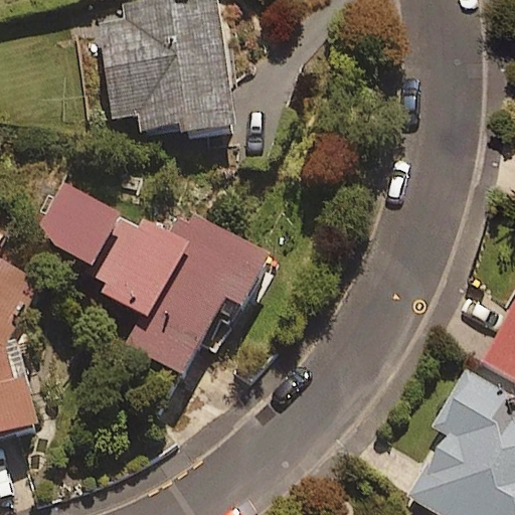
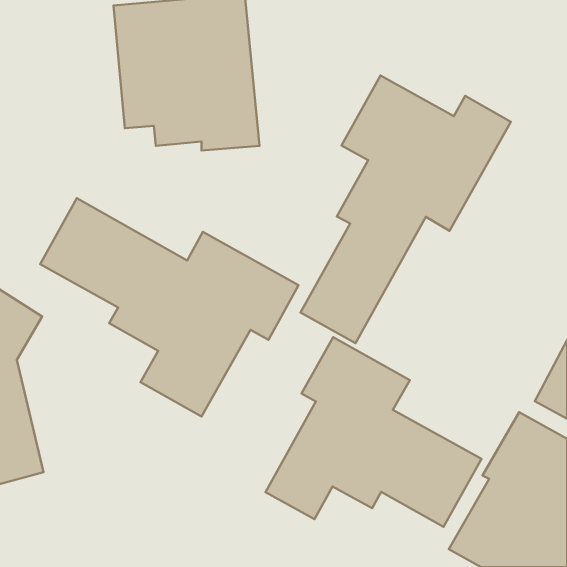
building: none -> [300,76,511,343]
building: none -> [265,337,482,527]

